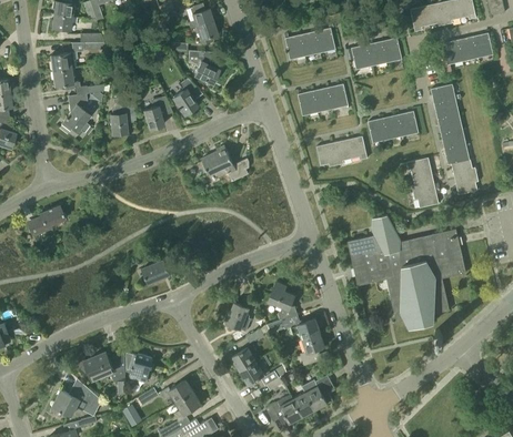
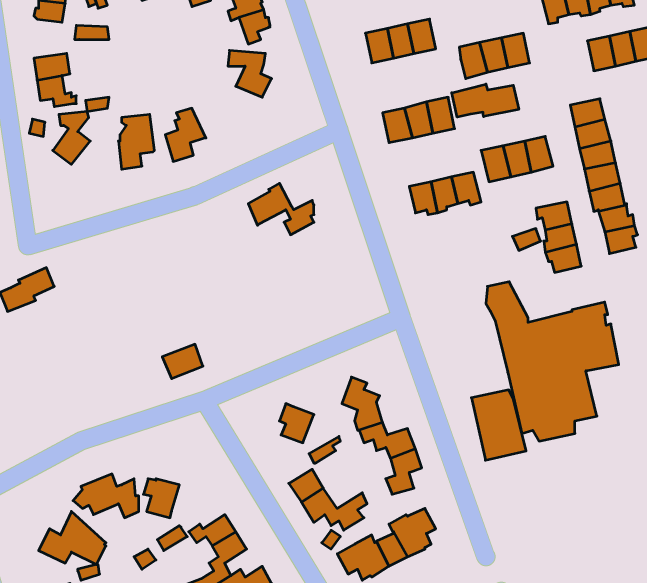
building: none -> [452,84,519,117]
building: [171,79,202,114] -> none
building: [348,235,386,285] -> [471,390,526,460]

